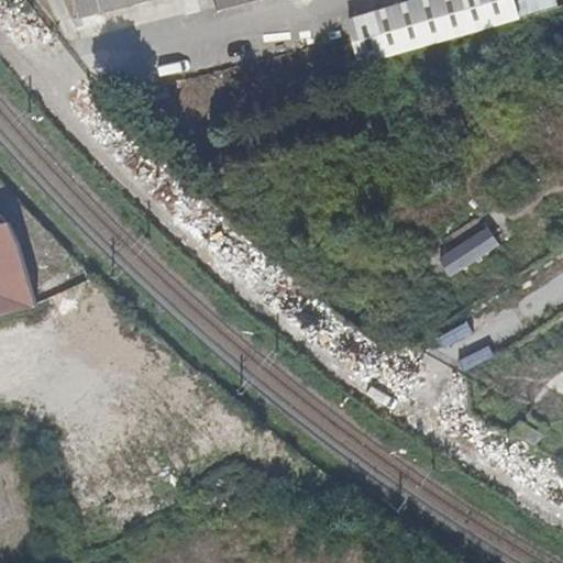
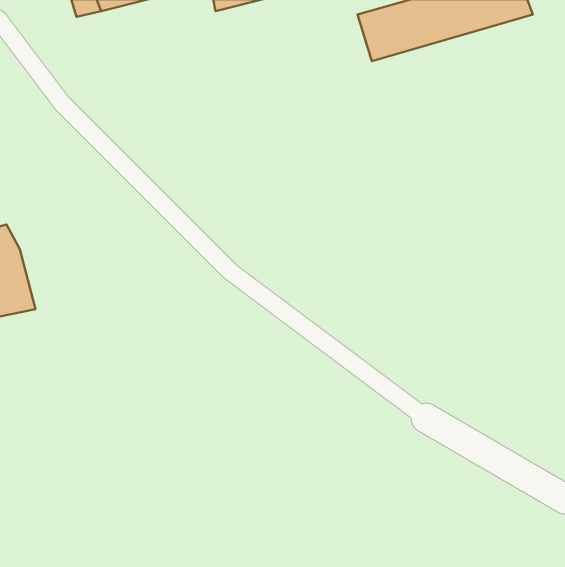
building: [432,224,497,276] -> none

